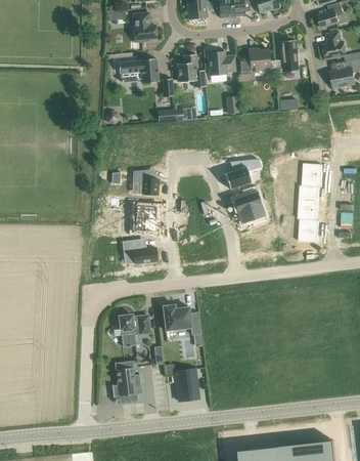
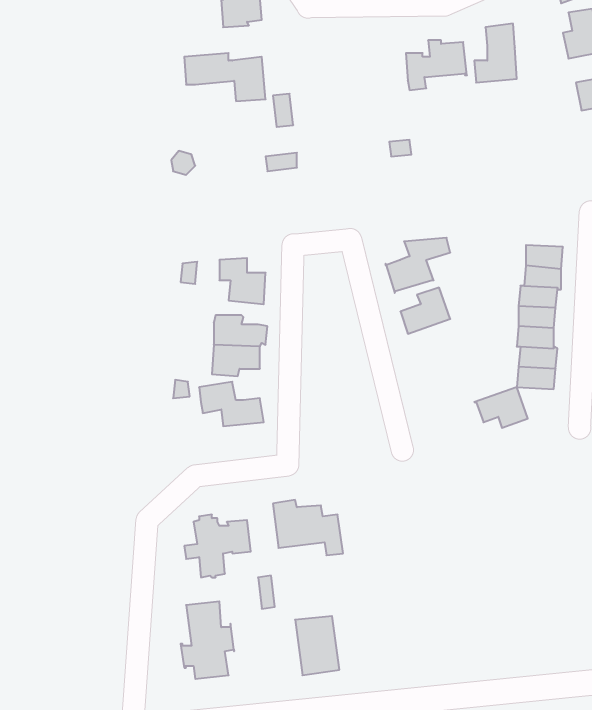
building: [207,50,236,75] -> none
building: [177,53,206,87] -> none
building: [236,203,266,225] -> [474,387,528,428]

